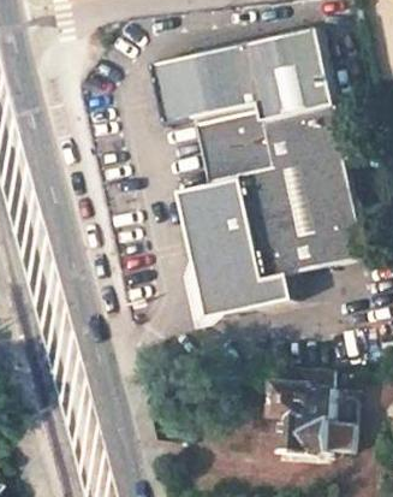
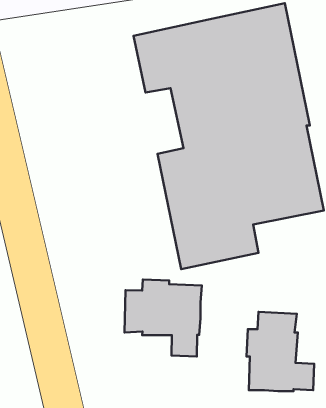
building: none -> [125,280,202,356]

